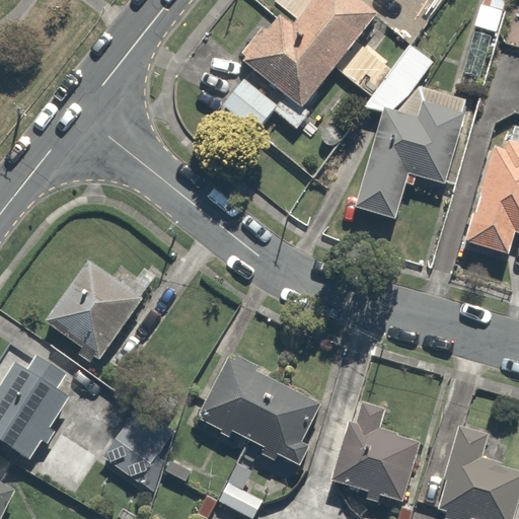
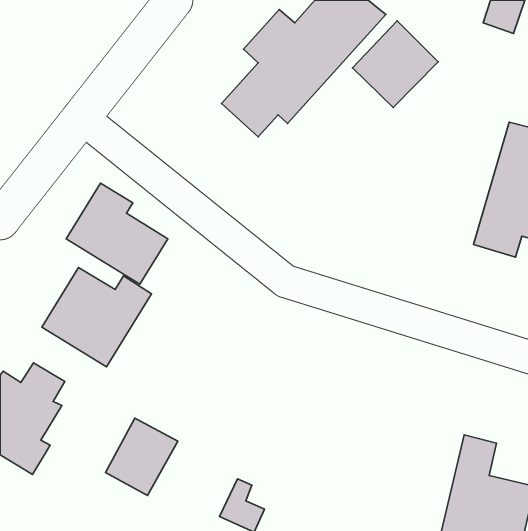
building: [354,103,467,220] -> none
building: none -> [66,183,168,284]
building: [200,360,319,467] -> none
building: [328,398,418,498] -> none

